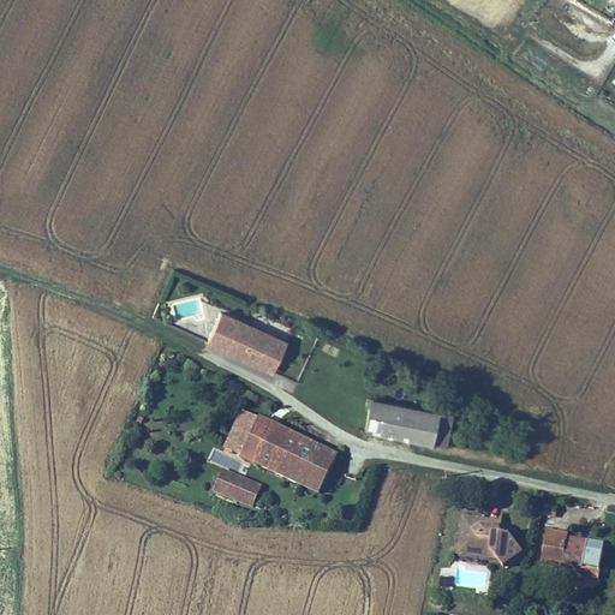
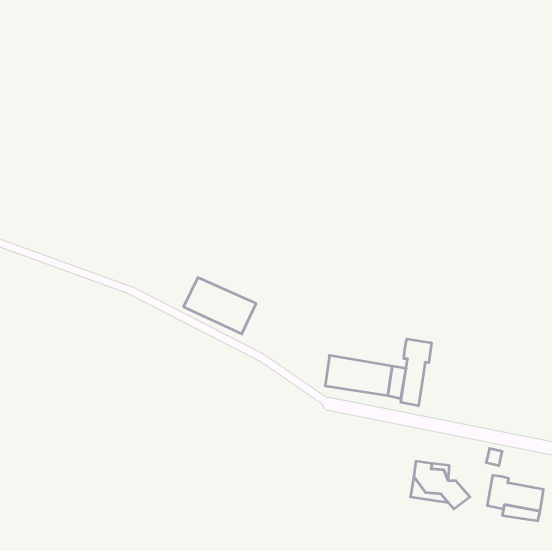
building: none -> [401,339,431,406]
building: [221,410,338,495] -> none
building: [213,468,261,507] -> none

